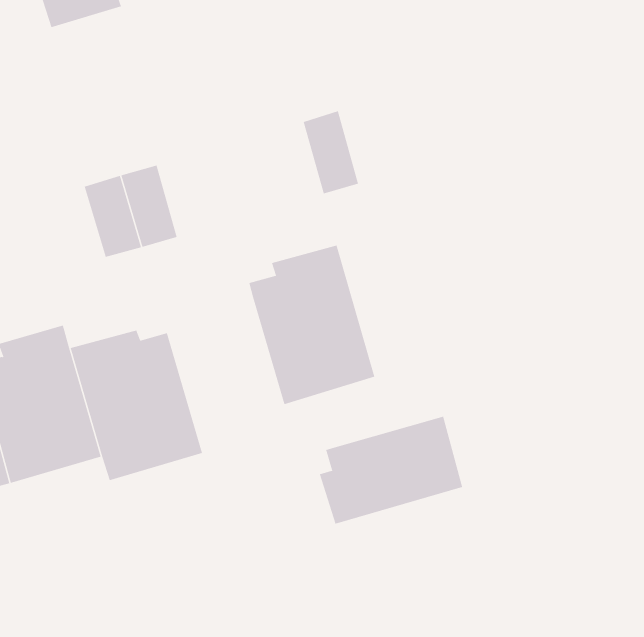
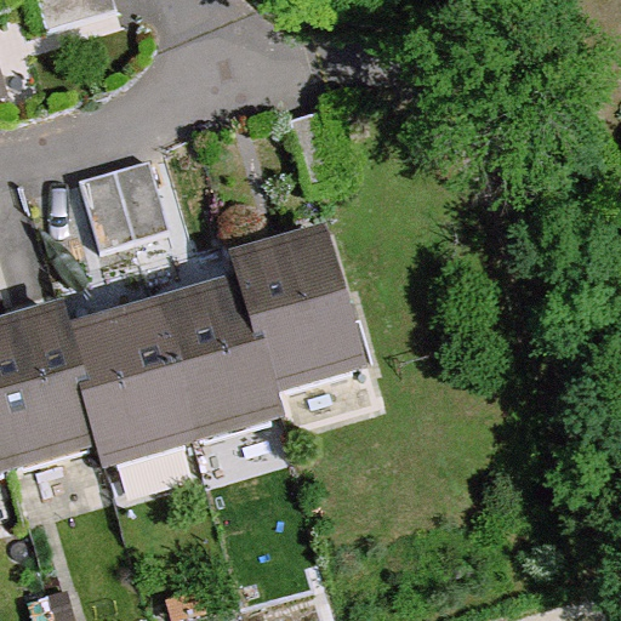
building: none -> [160,284,278,433]
building: [319,416,463,524] -> none

